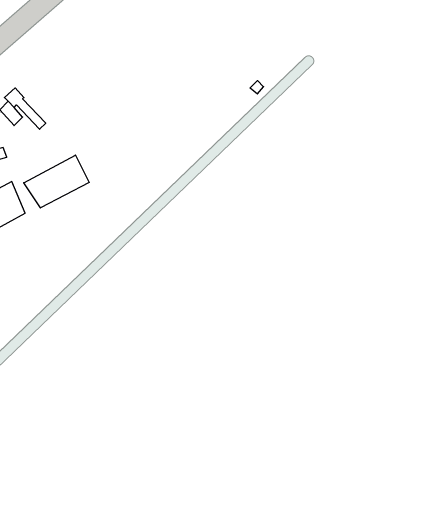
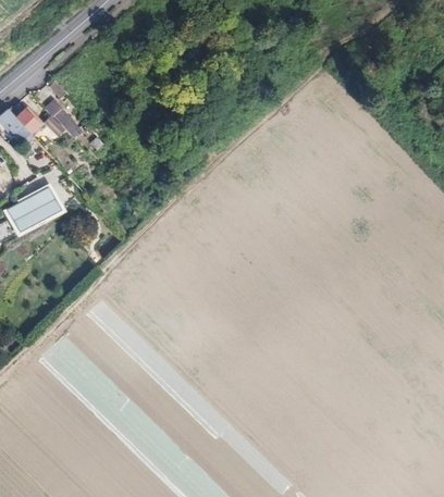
building: [24,155,89,208] -> none

